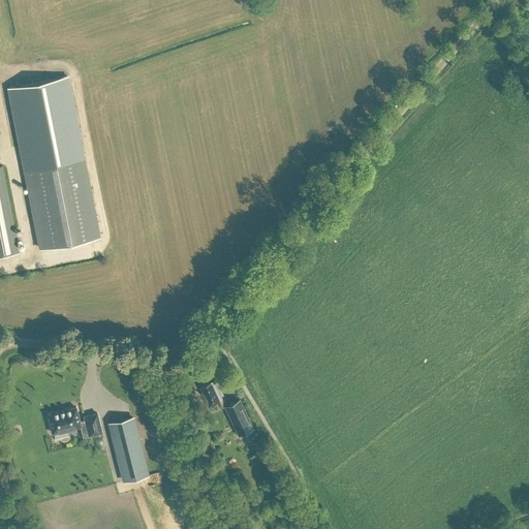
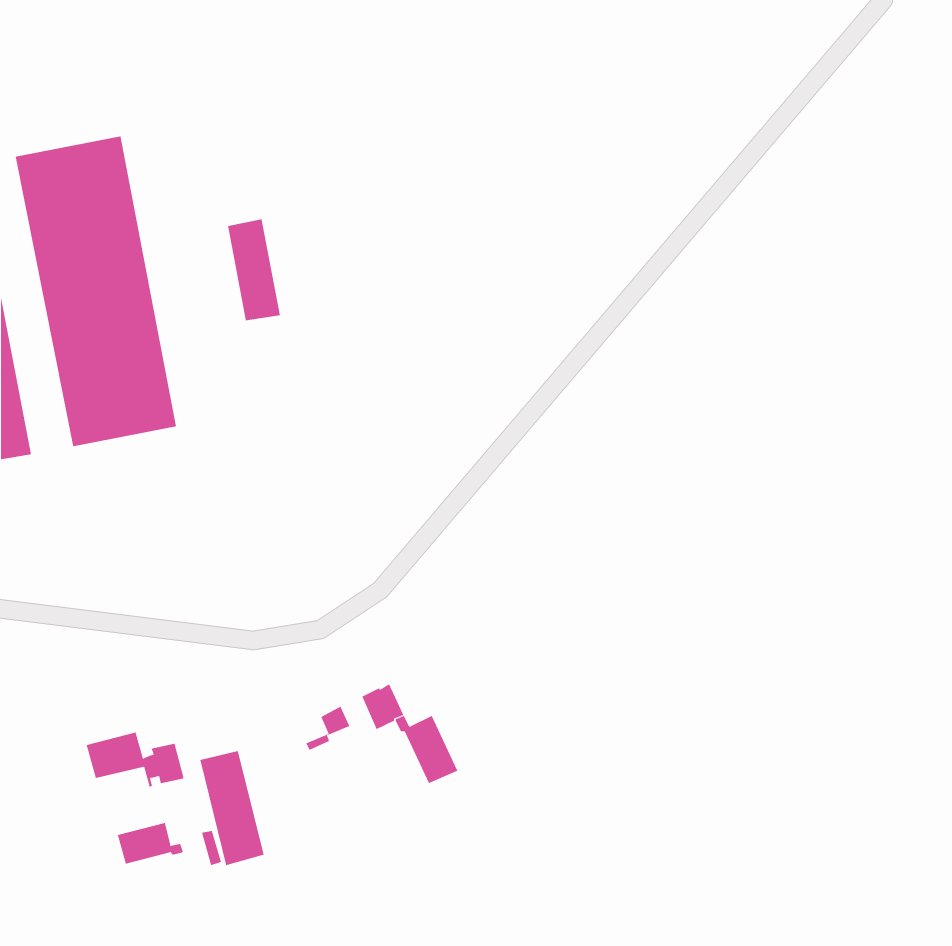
building: none -> [227,219,281,321]
building: none -> [117,822,183,864]

